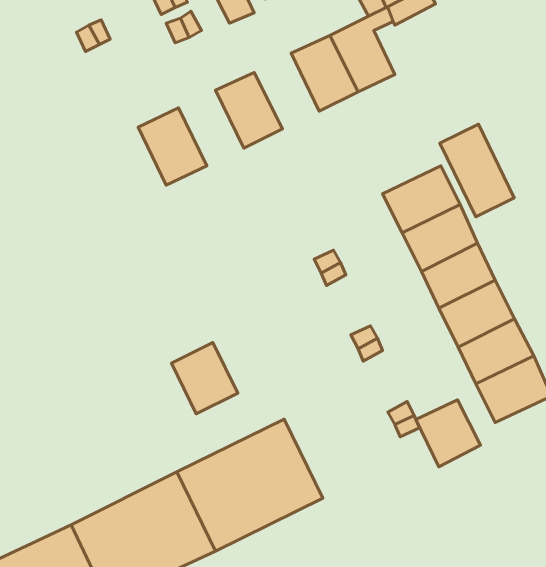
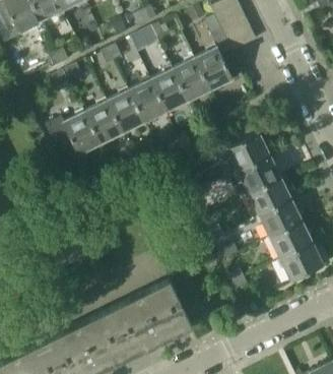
building: none -> [152,68,190,112]
building: none -> [109,89,146,133]
building: [440,124,514,217] -> none
building: none -> [46,111,102,155]
building: [171,343,238,414] -> none
building: [416,400,480,467] -> none

